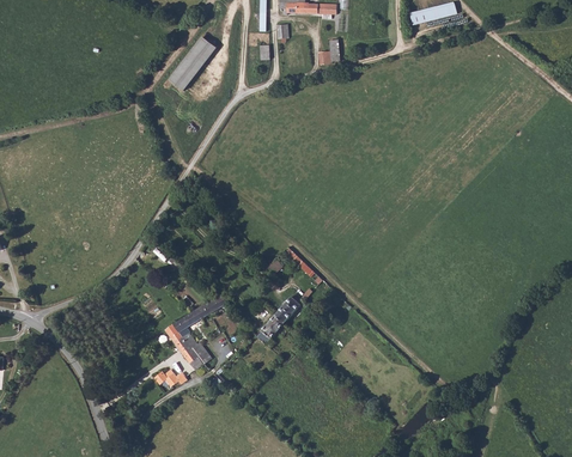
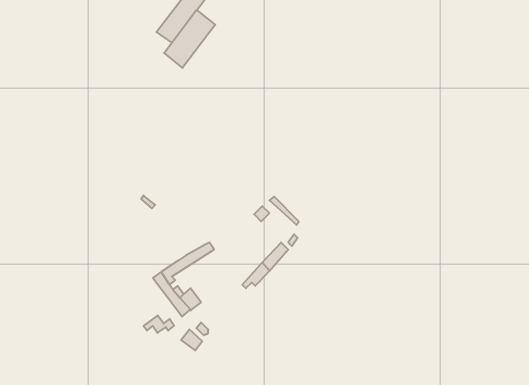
building: none -> [164,10,215,68]

